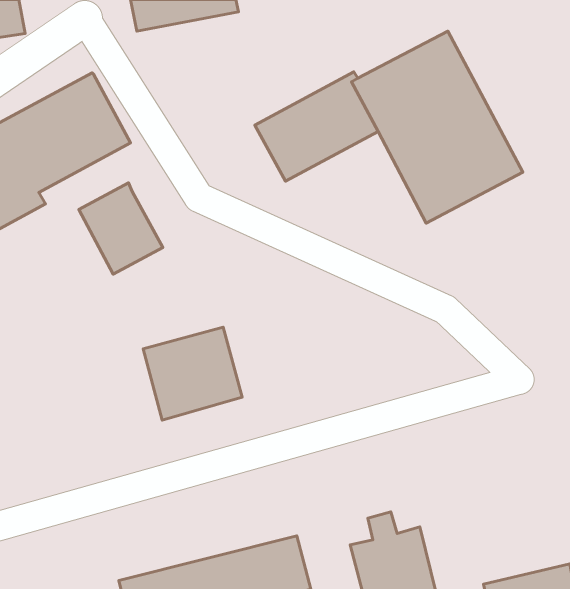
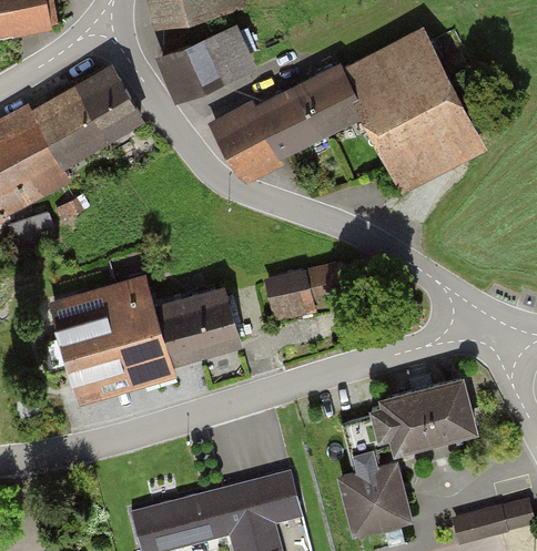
building: none -> [155,29,250,100]
building: [79,183,163,274] -> [206,103,280,183]
building: none -> [265,268,342,319]
building: none -> [50,277,175,407]
building: none -> [368,377,478,456]

